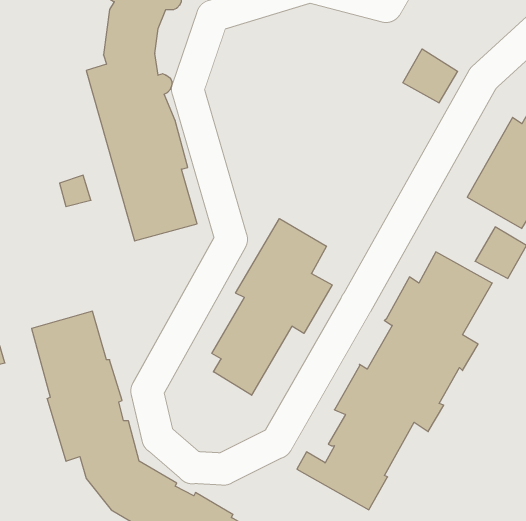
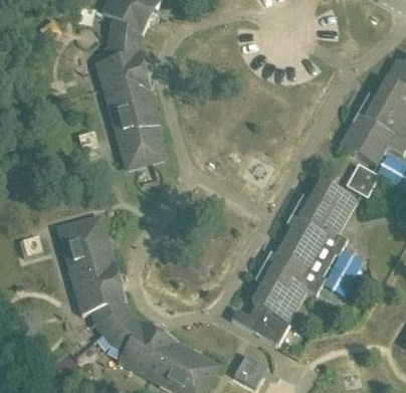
building: [403,49,458,103] -> none
building: [212,219,332,395] -> none

